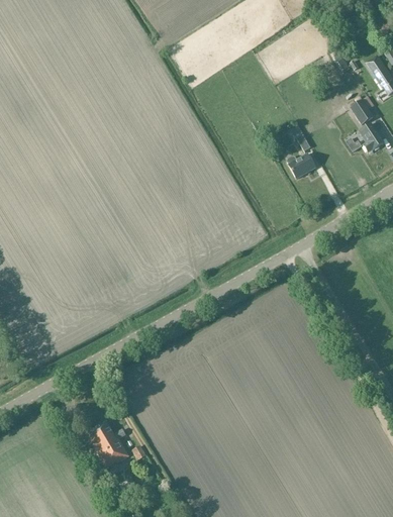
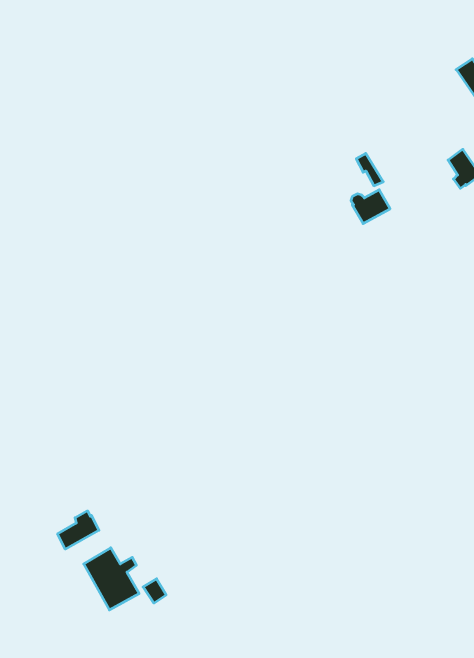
building: [351,96,375,126] -> none
building: none -> [58,511,99,549]

